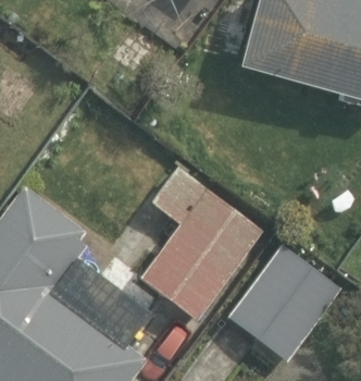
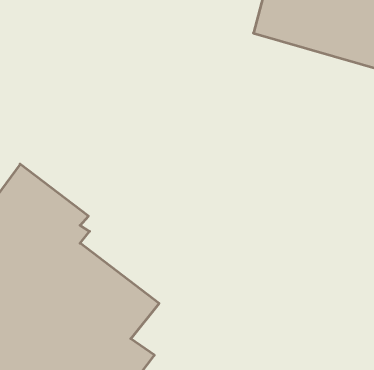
building: [140,188,264,323] -> none
building: [228,245,343,362] -> none

